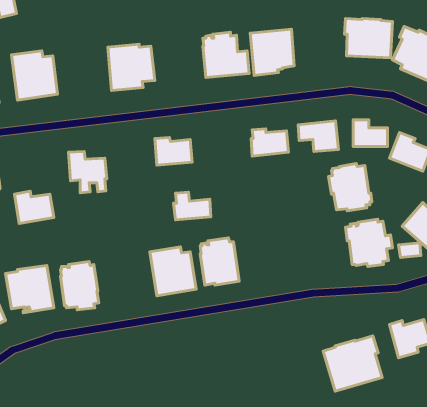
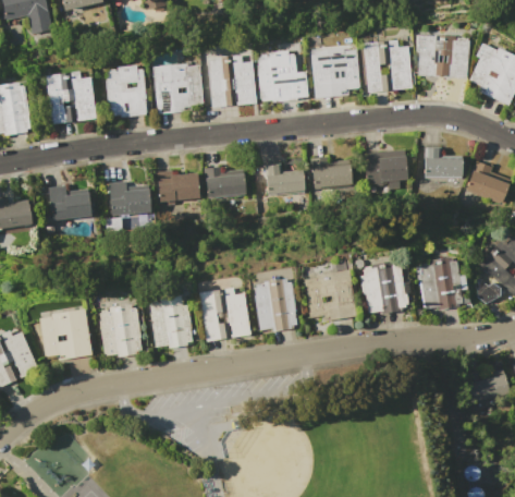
building: none -> [360,39,413,93]
building: none -> [207,54,257,107]
building: none -> [106,65,148,117]
building: none -> [157,170,200,206]
building: [329,164,372,211] -> [360,262,408,314]
building: [14,191,54,224] -> [48,185,91,221]
building: [174,192,211,220] -> [266,163,307,194]
building: none -> [304,269,357,322]
building: none -> [150,295,194,348]
building: [323,336,382,391] -> none

